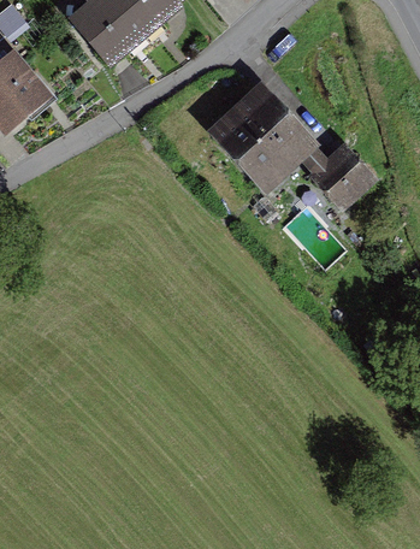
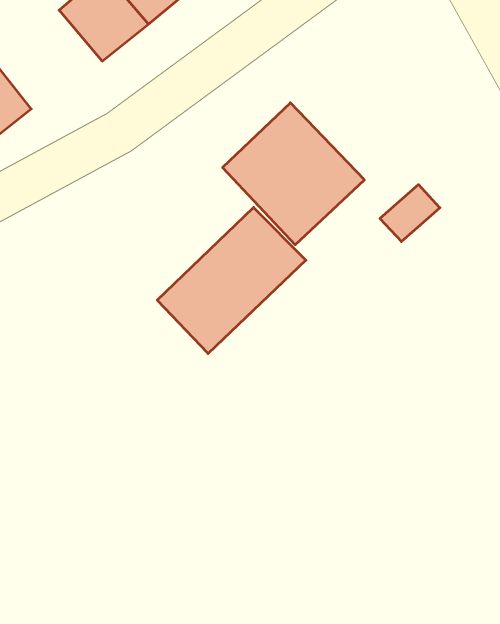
building: none -> [157,207,306,354]

